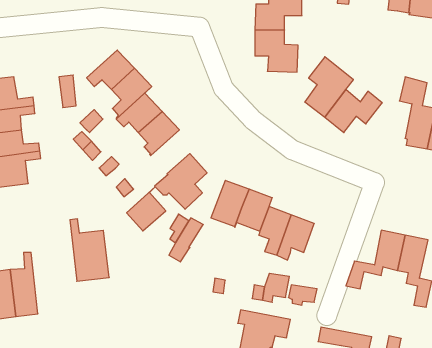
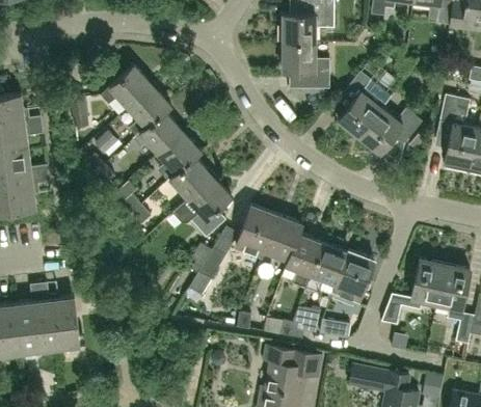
building: [127,187,166,231] -> [169,151,212,198]
building: [70,219,109,281] -> [39,282,82,350]
building: none -> [332,250,374,300]

